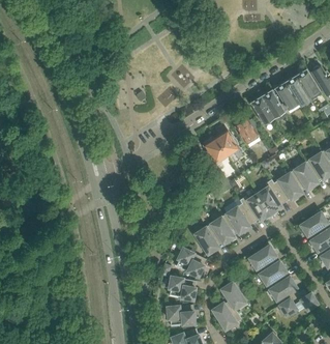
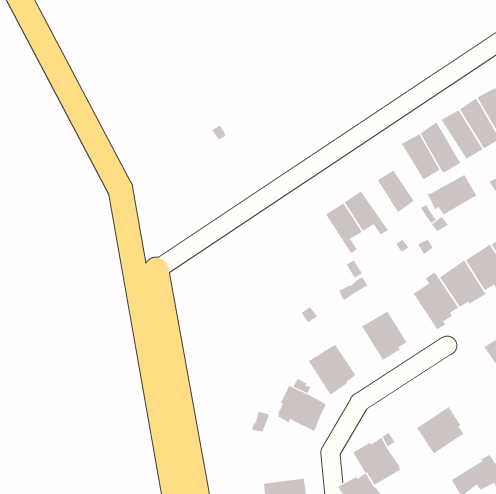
building: none -> [427,174,478,216]
building: [240,193,272,222] -> none
building: [211,212,239,243] -> none
building: [249,245,278,274] -> none
building: [169,276,197,298] -> none
building: [270,276,299,305] -> none

